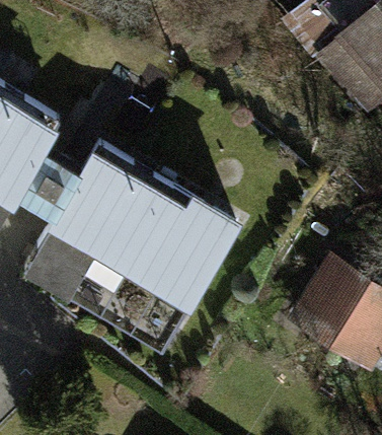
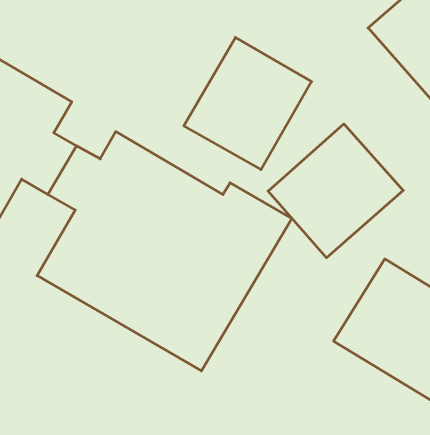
building: none -> [184,37,312,170]
building: none -> [268,124,403,258]

